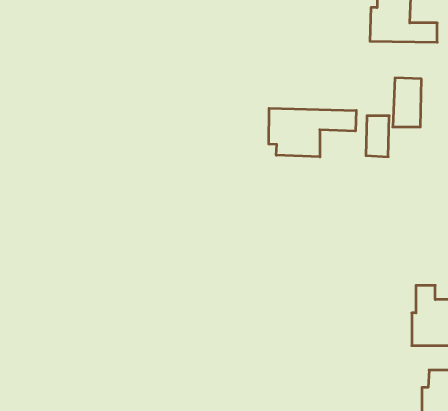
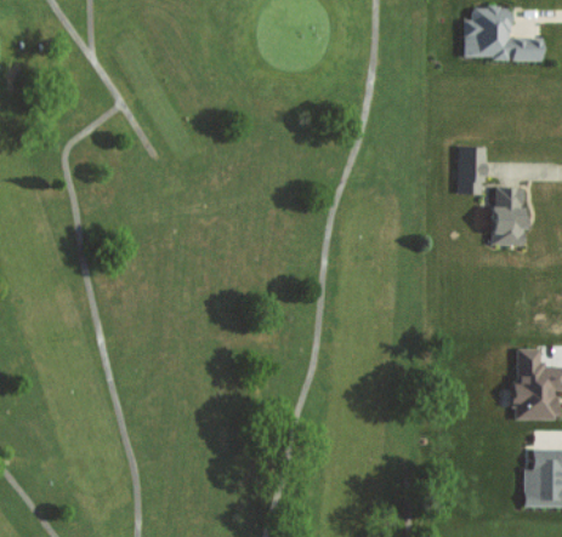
building: [393,78,421,127] -> [492,187,526,245]
building: [269,108,356,157] -> none

